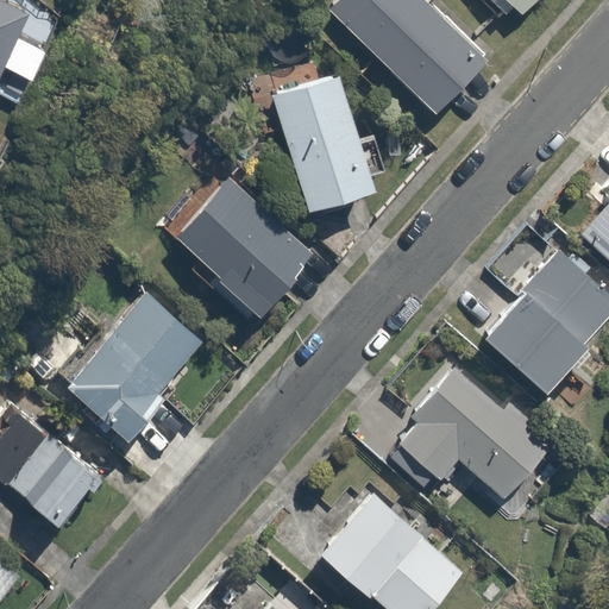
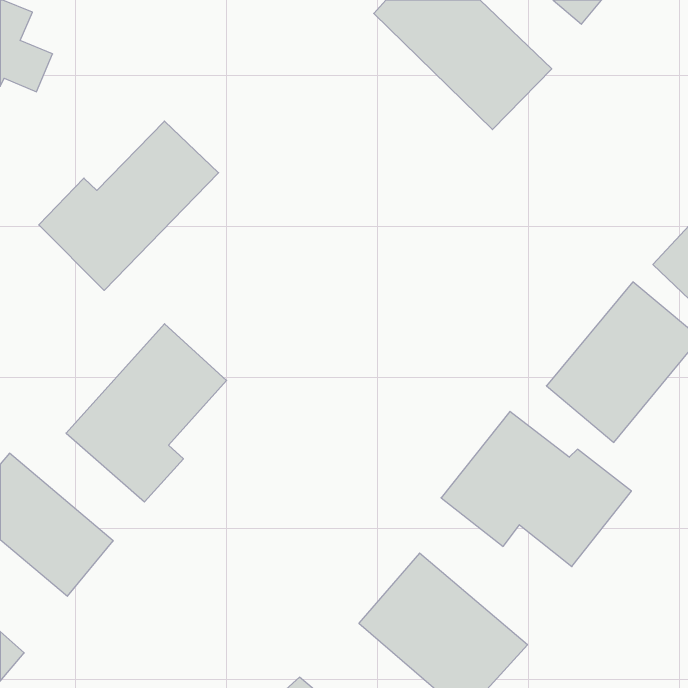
building: [272,75,382,214] -> none
building: none -> [39,121,219,290]
building: [169,176,315,321] -> none

